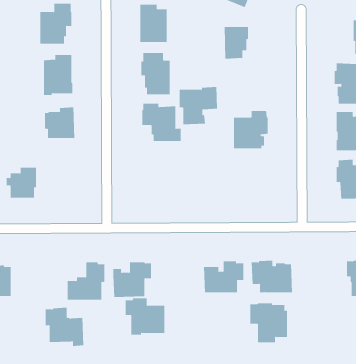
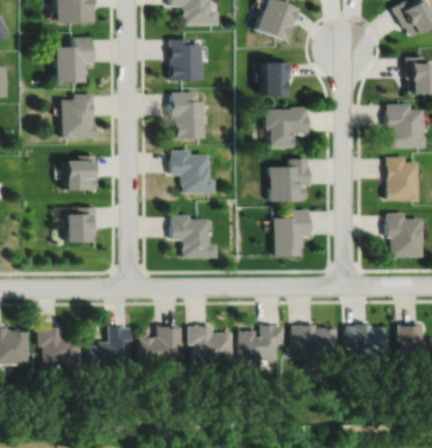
building: [179,87,218,125] -> [266,108,310,150]
building: none -> [276,208,313,255]
building: none -> [171,213,218,257]
building: [6,167,37,198] -> [63,206,97,240]
building: [125,298,165,335] -> [189,324,233,365]
building: [250,303,288,343] -> [346,324,388,368]
building: [45,307,84,346] -> [37,325,81,368]

